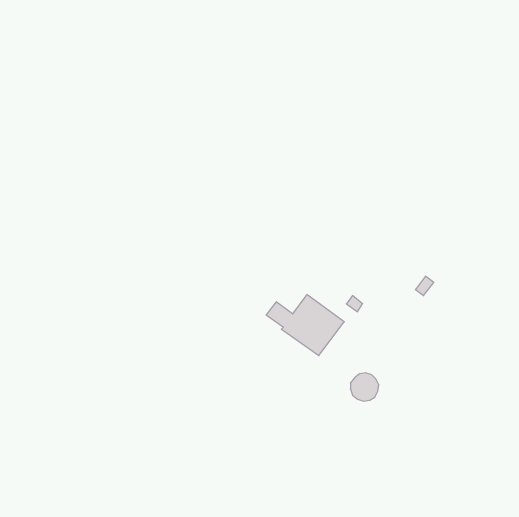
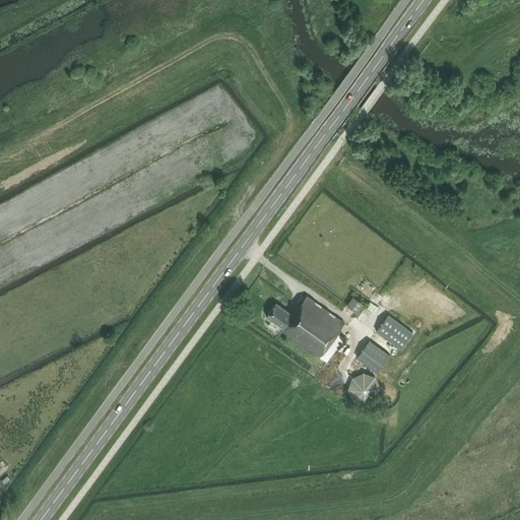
building: none -> [376,316,413,350]
building: none -> [356,341,387,372]

